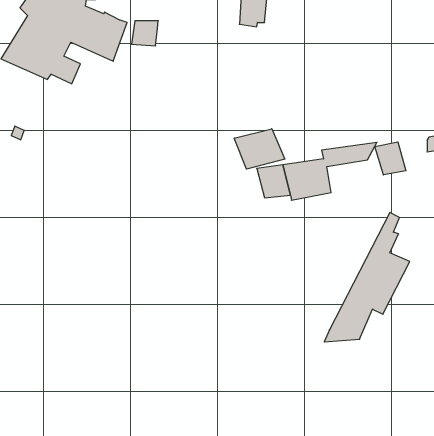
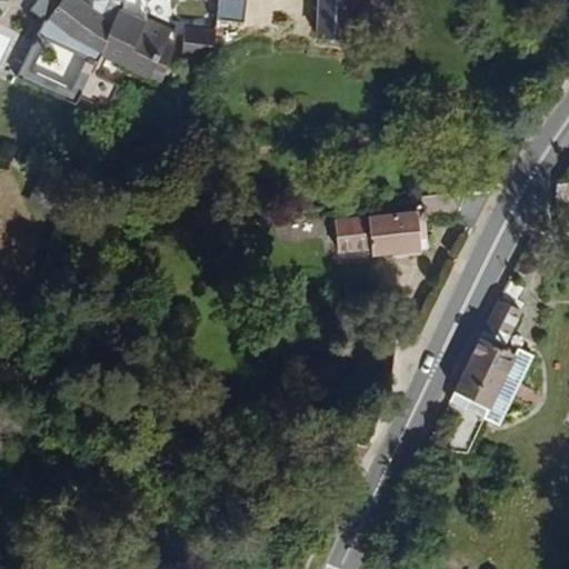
building: [234,129,285,169] -> none
building: [375,142,406,175] -> none

